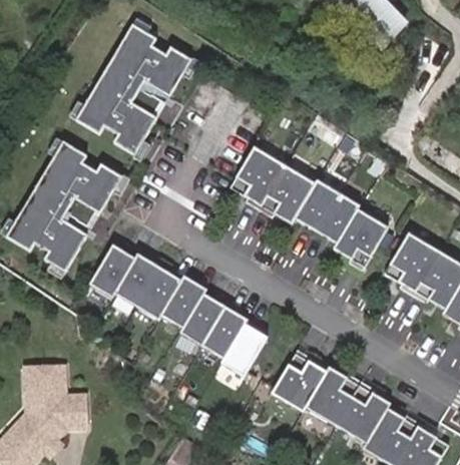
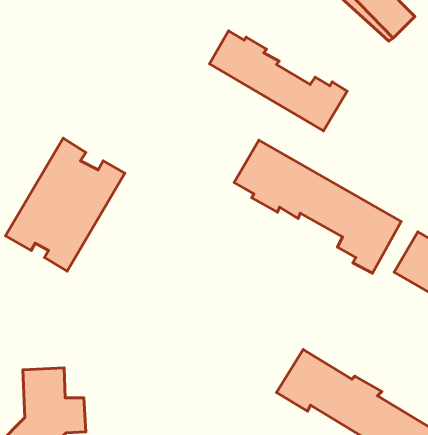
building: [76,25,191,153] -> none
building: none -> [209,31,347,131]
building: [88,245,266,373] -> none

